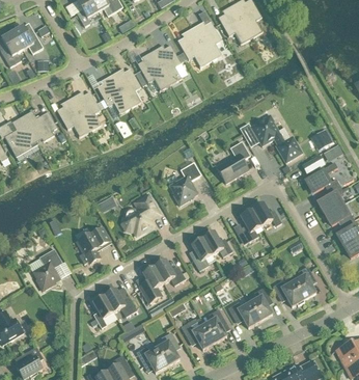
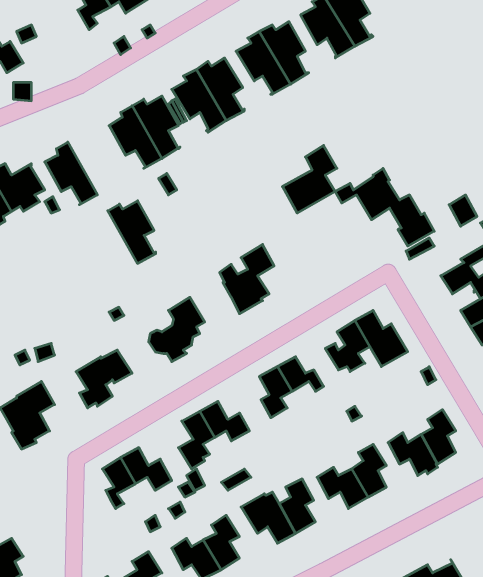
building: [71,90,101,130] -> [108,201,156,263]
building: [215,140,249,183] -> [282,145,337,213]

